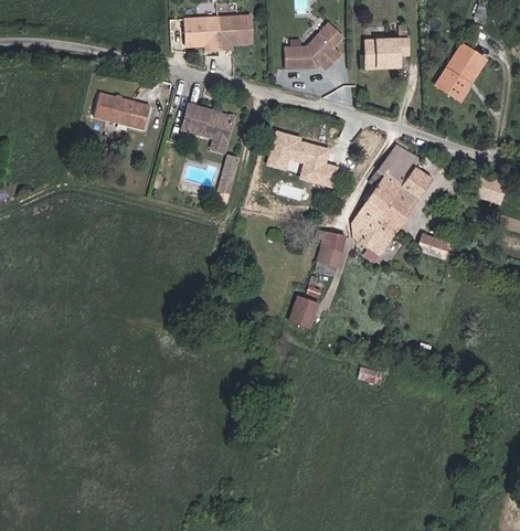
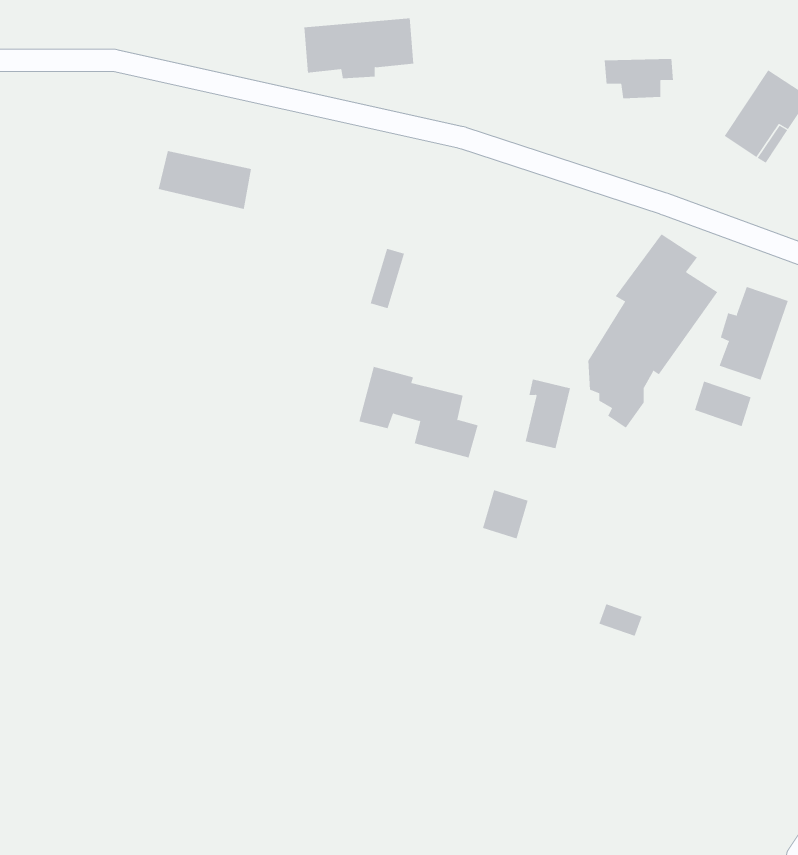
building: [282,33,339,68] -> none
building: [181,105,234,153] -> none
building: [267,134,339,189] -> [359,366,478,458]
building: none -> [719,286,789,380]

